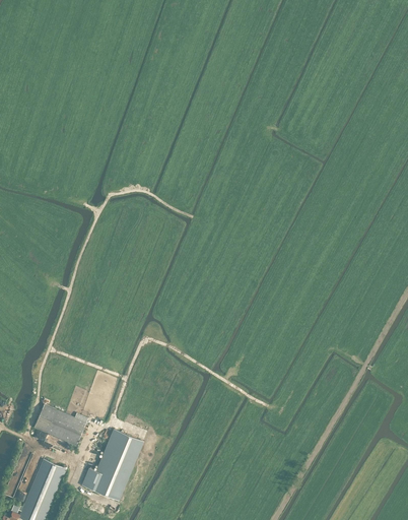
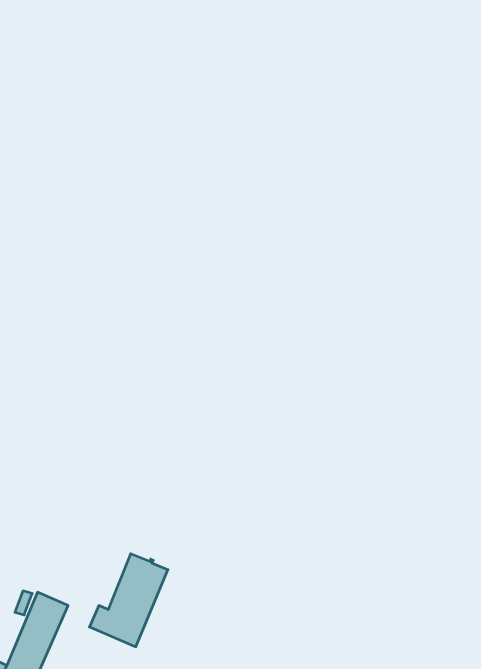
building: [31,404,84,447] -> none

